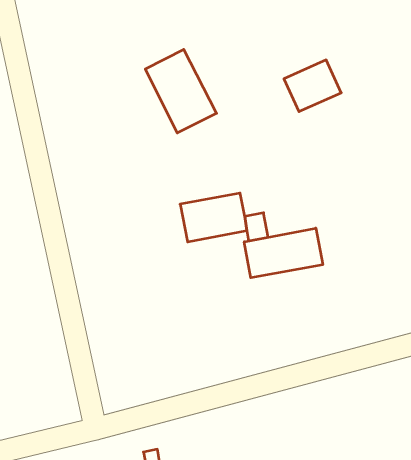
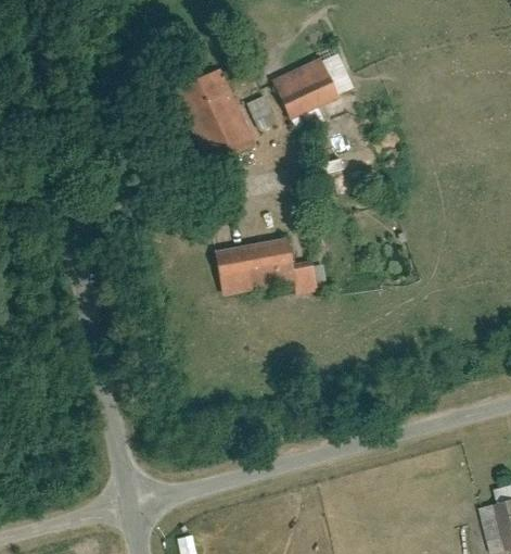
building: [284,60,341,112] -> [273,59,340,118]
building: [244,228,323,278] -> none

